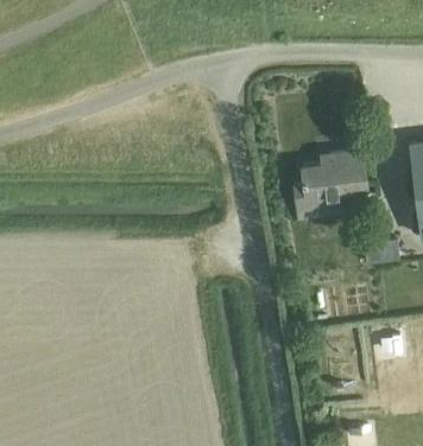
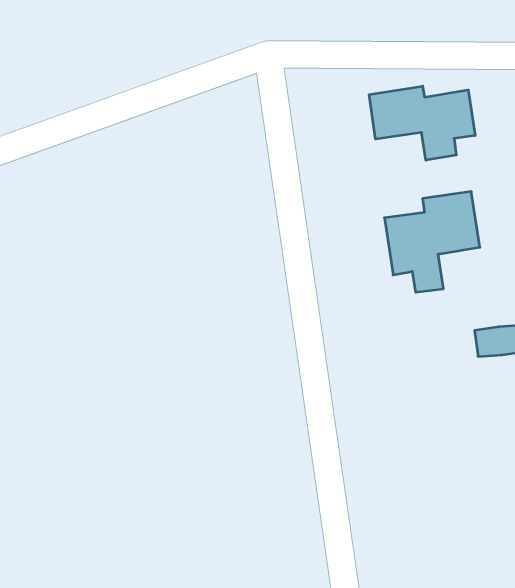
building: none -> [369,86,475,160]

